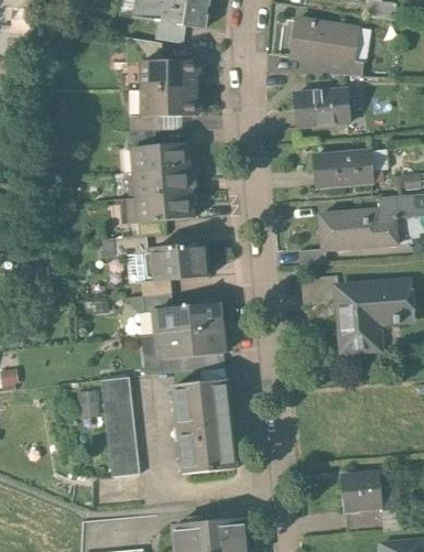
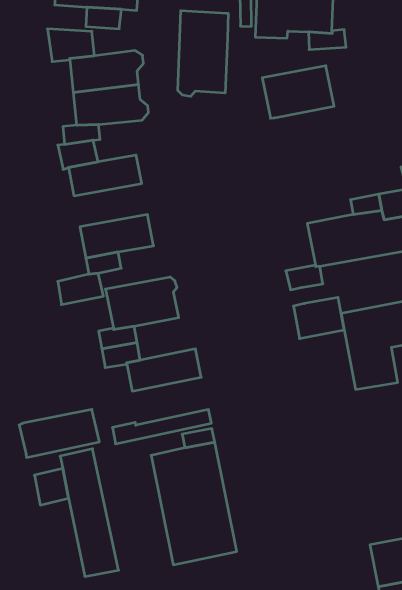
building: none -> [178,11,228,96]
building: [312,149,370,184] -> none
building: [133,167,191,197] -> none
building: [161,327,224,360] -> [19,409,99,457]

